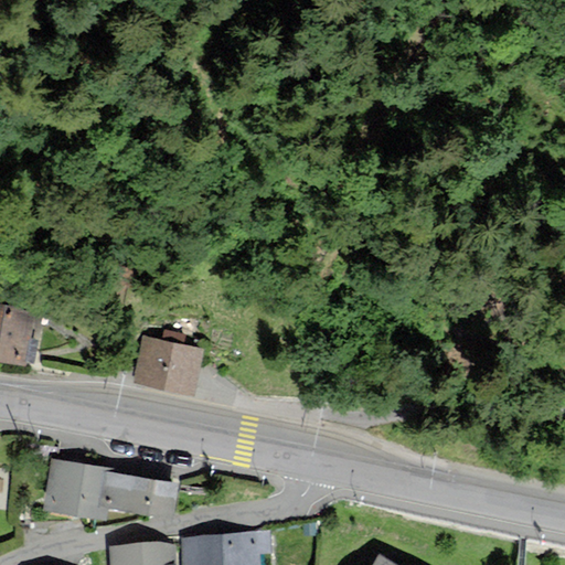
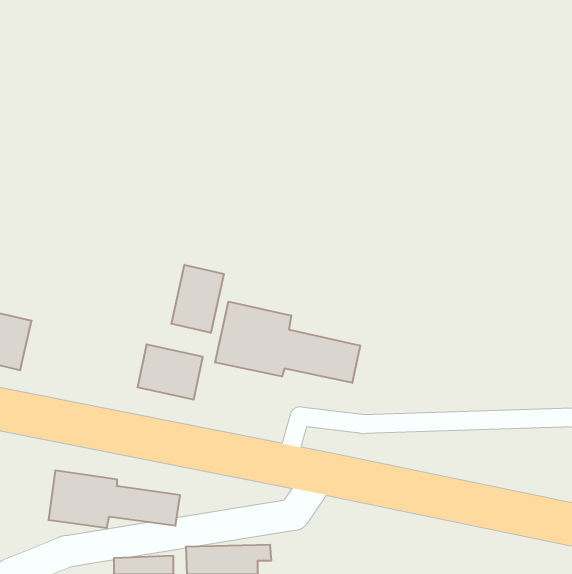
building: none -> [171,265,224,333]
building: none -> [215,302,360,383]

